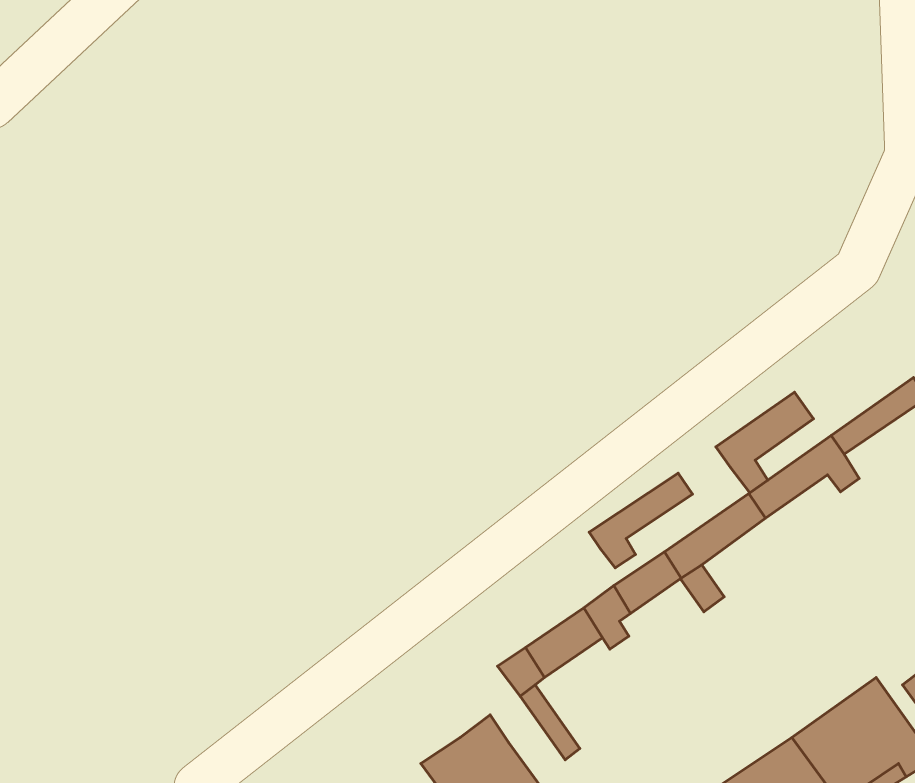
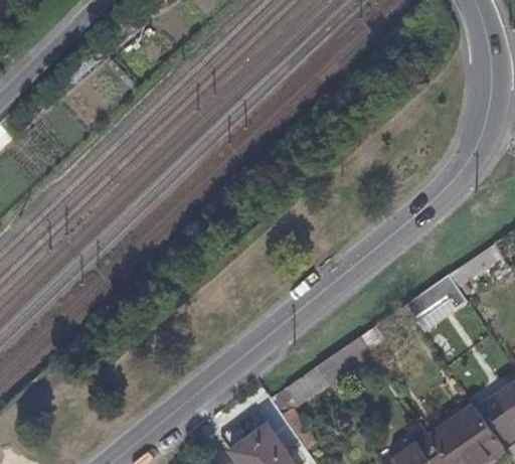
building: [716,392,814,493] -> none
building: [589,473,692,568] -> none

